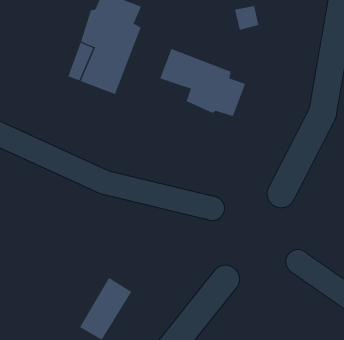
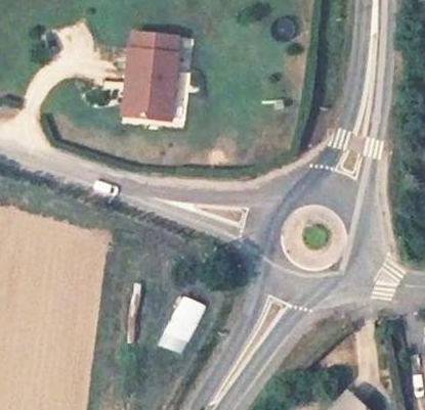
building: [159,48,246,117] -> none

